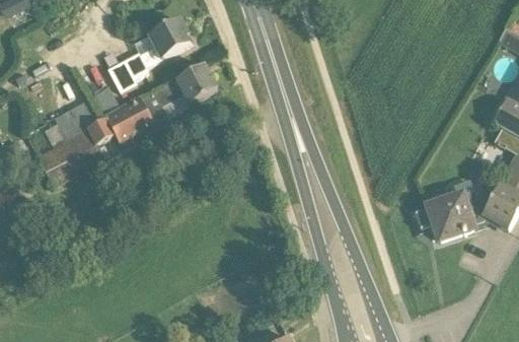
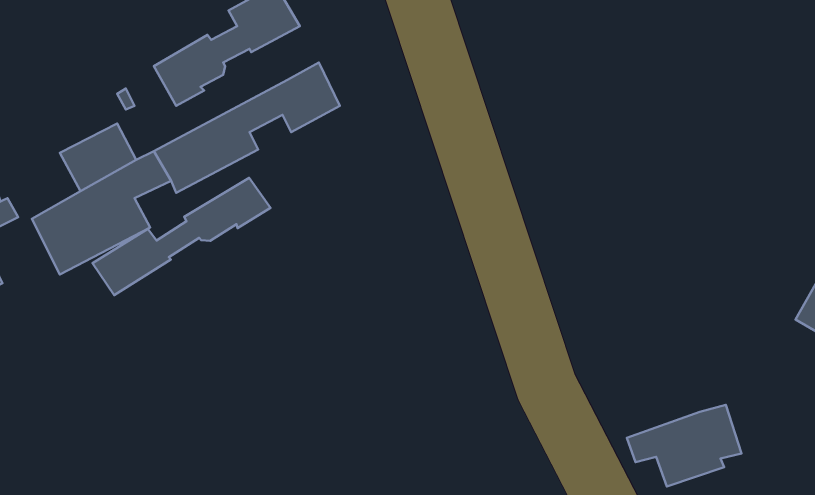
building: none -> [92,178,270,295]
building: [416,191,483,238] -> [627,405,742,486]

